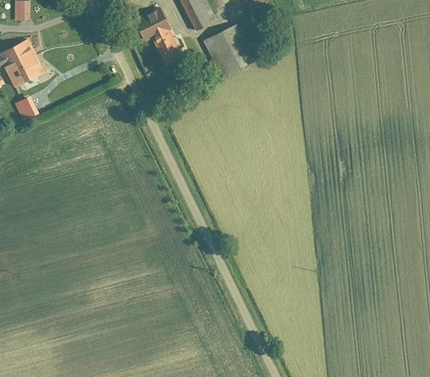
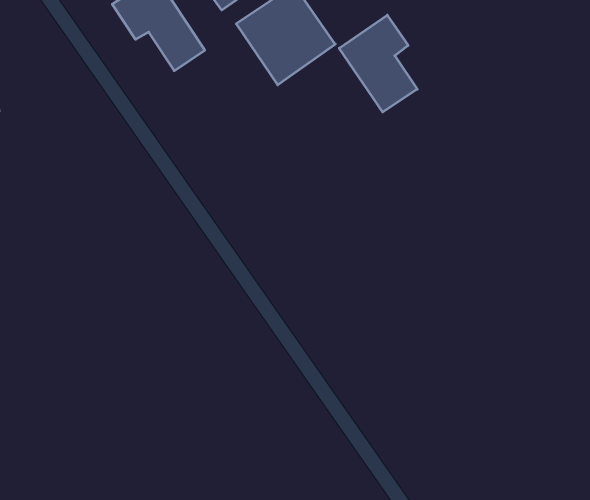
building: none -> [339,15,417,112]

